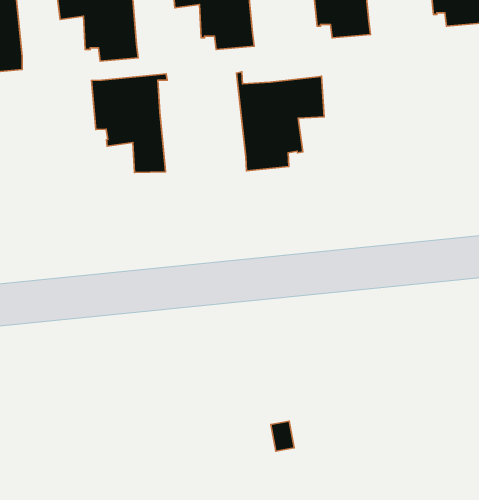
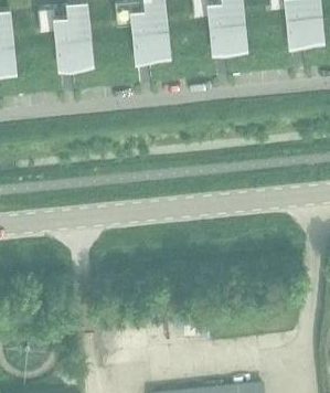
building: [236,72,324,171] -> none
building: [92,74,167,173] -> none

